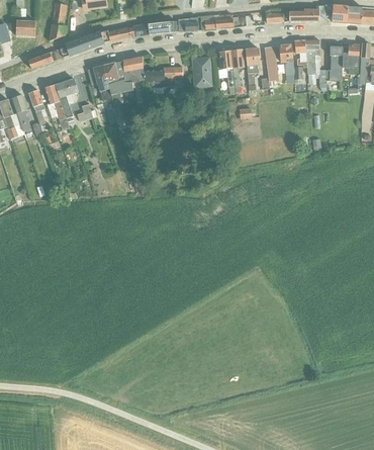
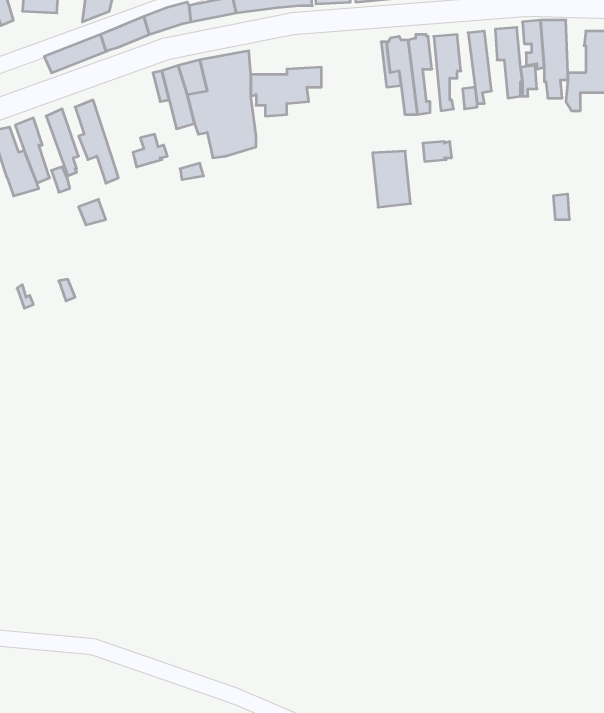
building: [191,57,212,88] -> [373,151,411,207]
building: [55,78,78,124] -> none

